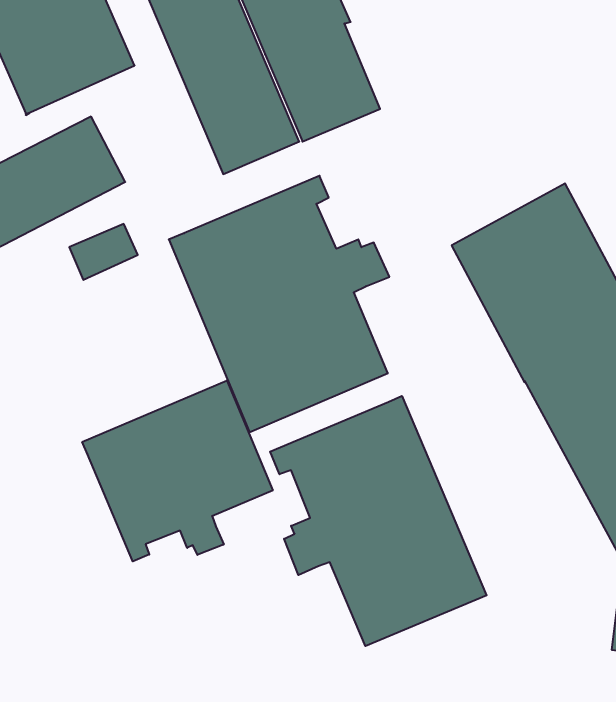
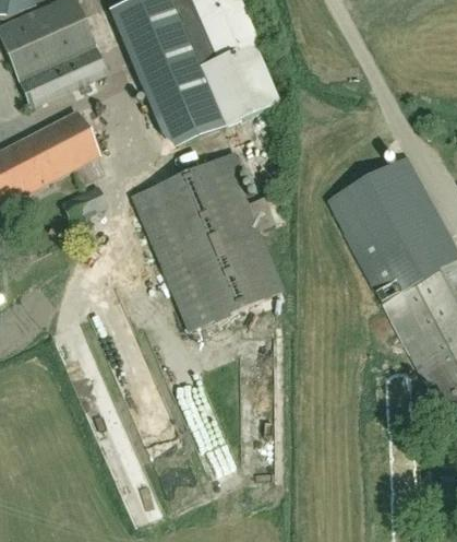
building: [82,380,273,561] -> none
building: [270,396,487,646] -> none

